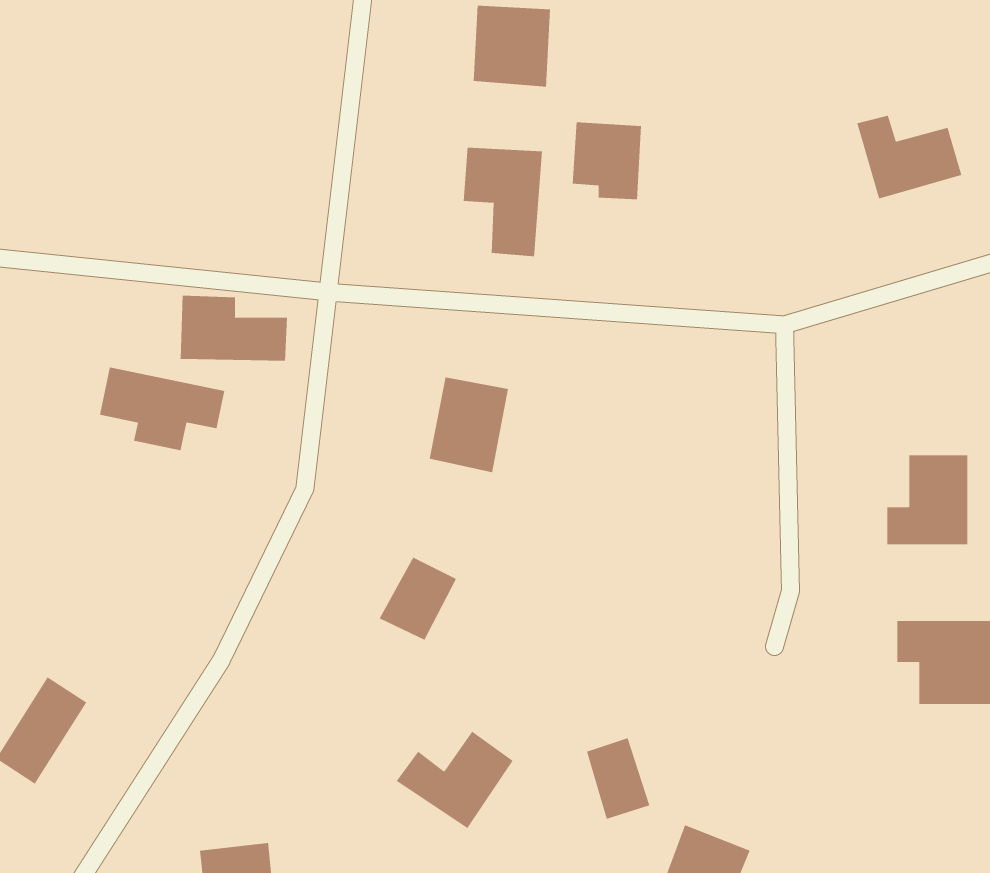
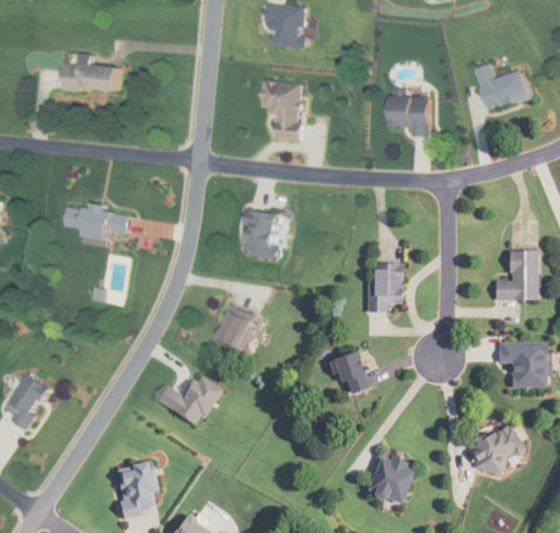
building: [572,122,642,200] -> [394,94,432,137]
building: [180,295,288,361] -> [65,54,124,90]
building: none -> [364,262,402,311]
building: [396,731,514,829] -> [155,372,220,426]
building: [586,737,650,819] -> [334,350,369,395]
building: none -> [471,429,521,472]

